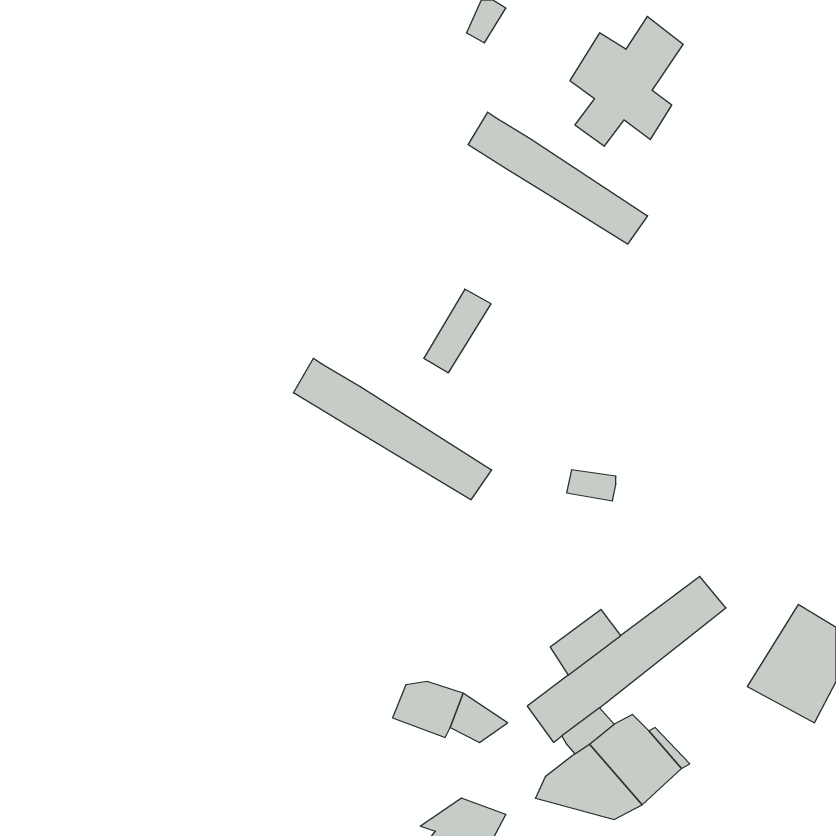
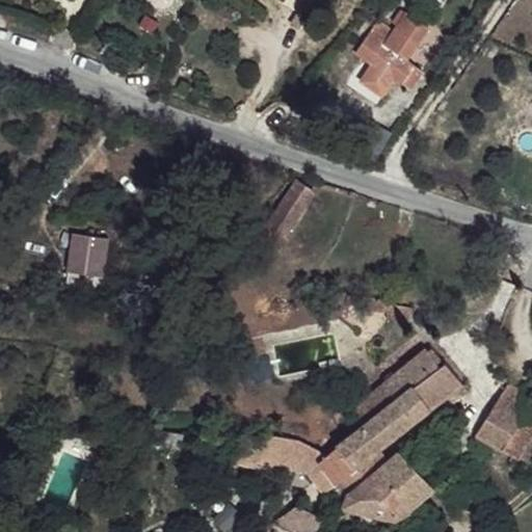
building: [468,112,648,244] -> none
building: [293,358,492,500] -> none
building: none -> [63,235,107,283]
building: none -> [380,352,443,404]
building: none -> [303,449,350,494]

